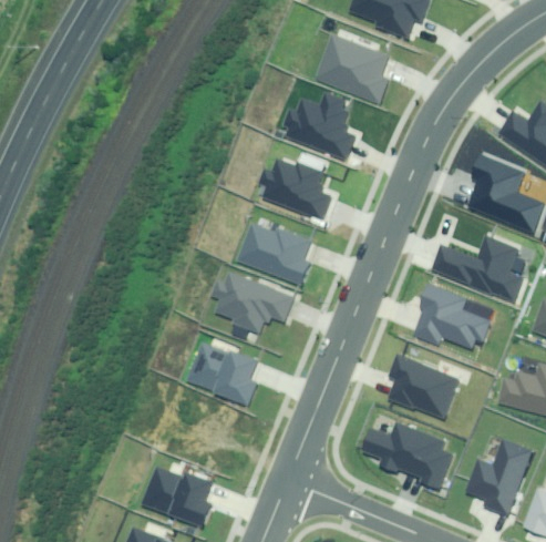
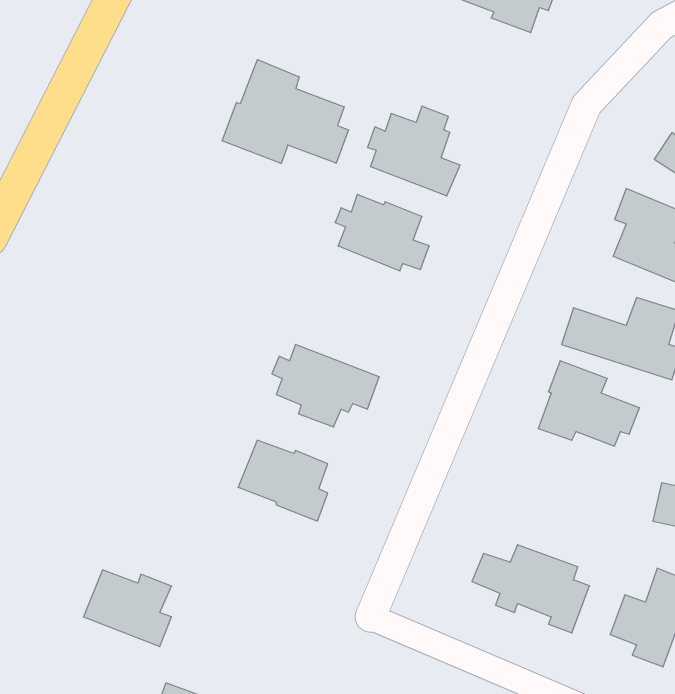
building: [316,32,389,102] -> none
building: none -> [222,60,348,164]
building: [238,223,312,284] -> none
building: [389,354,461,417] -> none
building: [145,469,212,526] -> [83,570,172,646]

